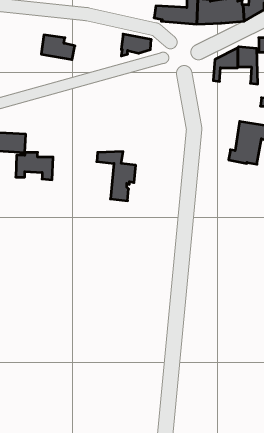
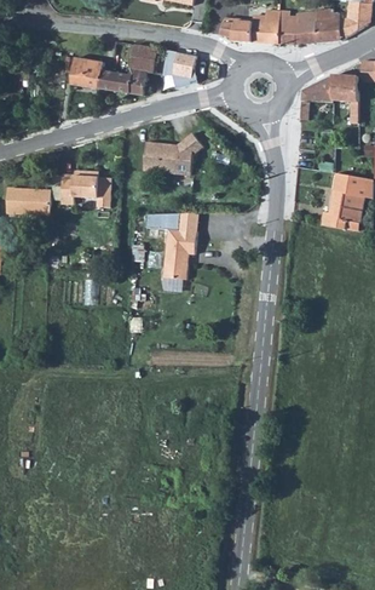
building: none -> [111,45,172,96]
building: none -> [142,132,202,176]
building: [16,152,53,180] -> [60,171,110,207]

